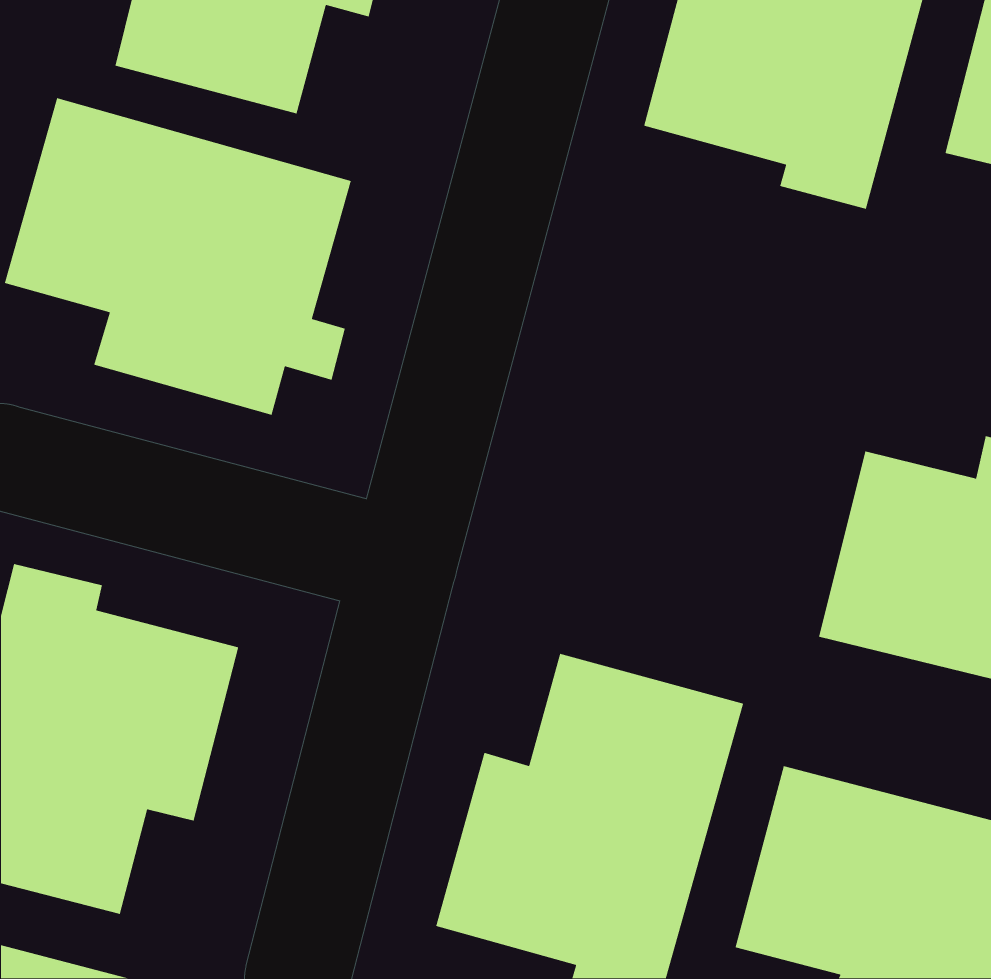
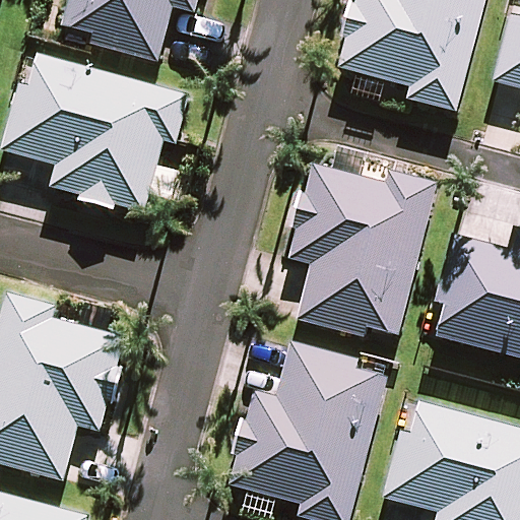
building: none -> [288,161,434,342]

